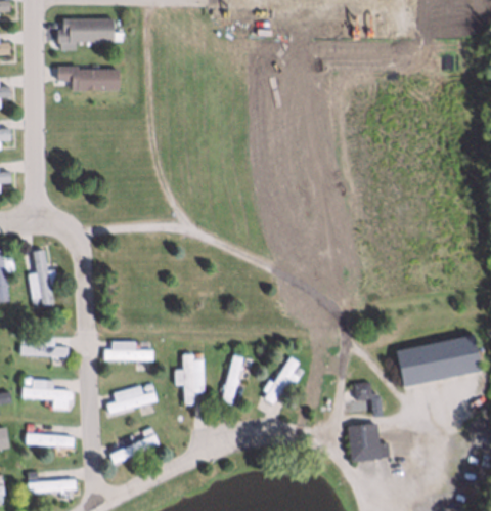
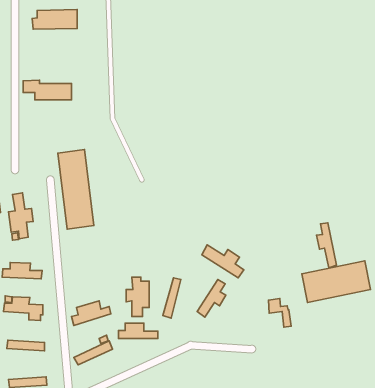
building: [58,67,119,91] -> [23,80,71,100]
building: none -> [58,150,94,229]
building: none -> [317,223,337,268]
building: none -> [202,245,244,278]
building: [103,340,152,359] -> [118,323,158,339]
building: [348,423,389,461] -> none

